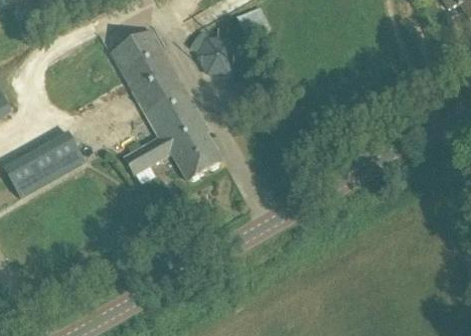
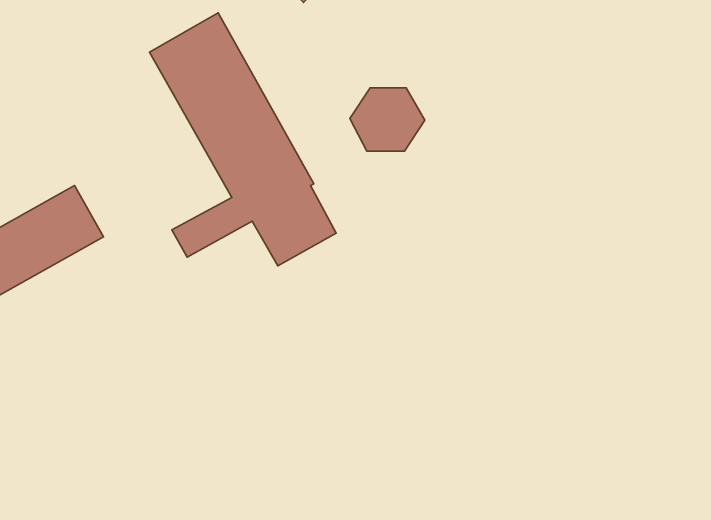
building: [194,36,239,73] -> [350,88,425,151]

